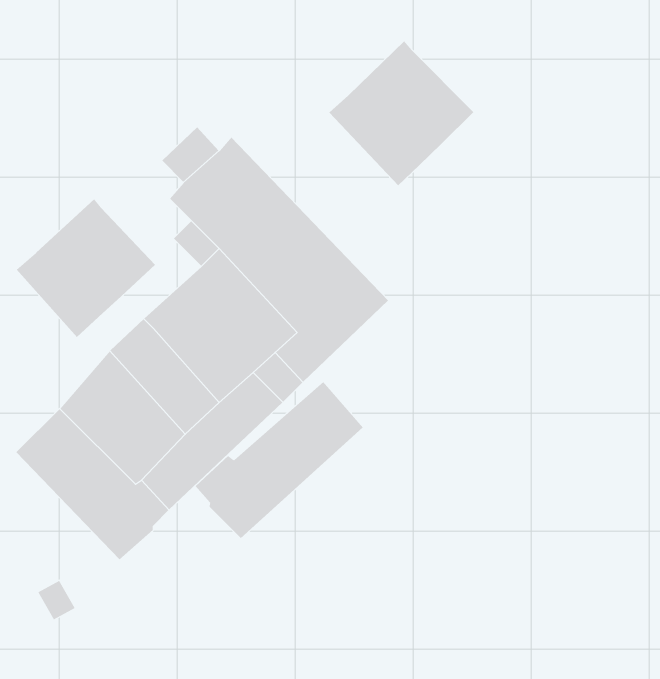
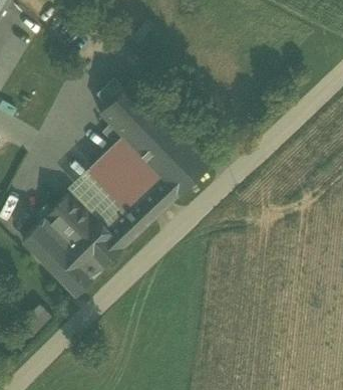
building: [329,40,474,186] -> none
building: [16,198,156,338] -> none
building: [195,381,364,539] -> none

